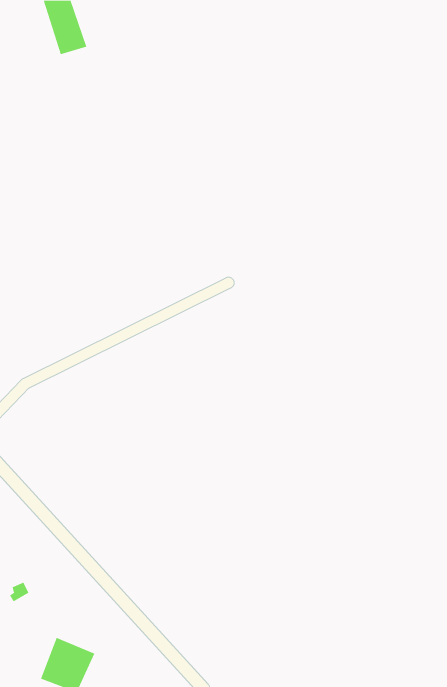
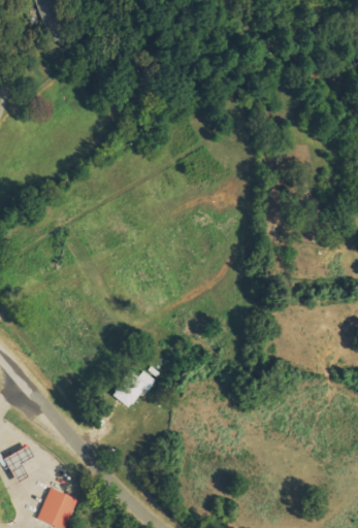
building: none -> [110,368,158,408]

